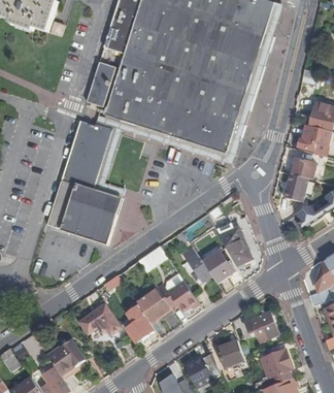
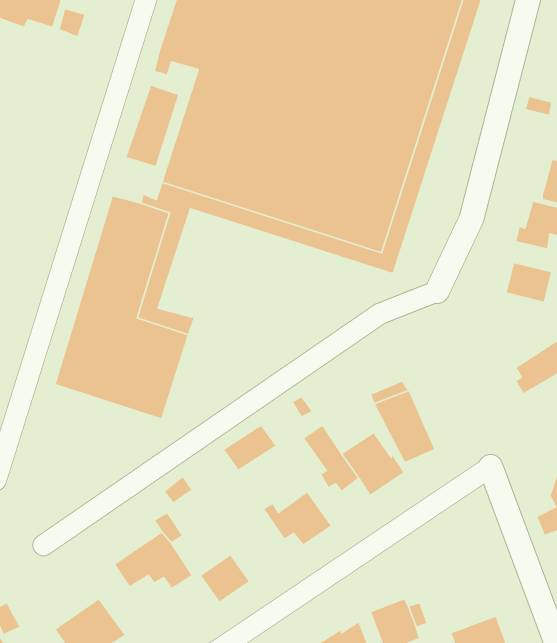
building: [282,174,307,202] -> none
building: [136,288,172,323] -> none
building: [250,310,279,342] -> none

